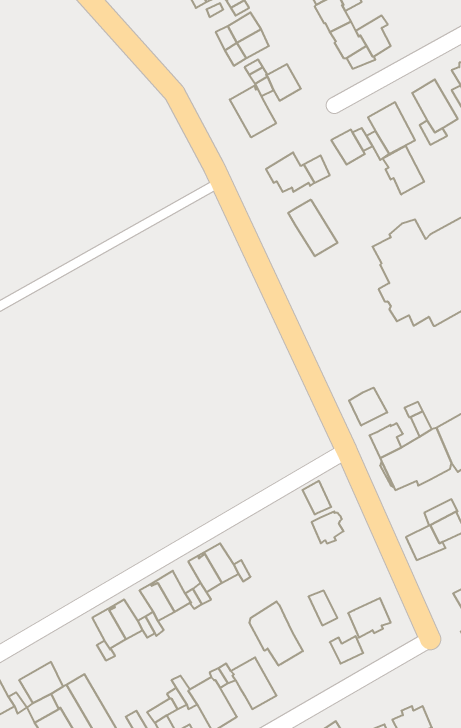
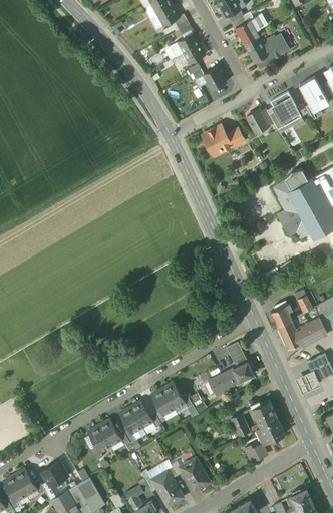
building: [230,85,276,137] -> none
building: [382,146,424,195] -> none
building: [288,200,337,256] -> none
building: [349,388,387,426] -> none
building: none -> [209,369,239,394]
building: none -> [250,400,278,427]
building: [249,601,303,666] -> none

